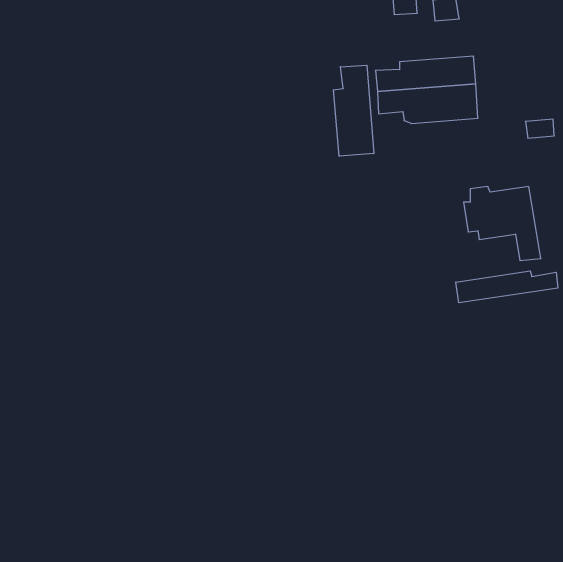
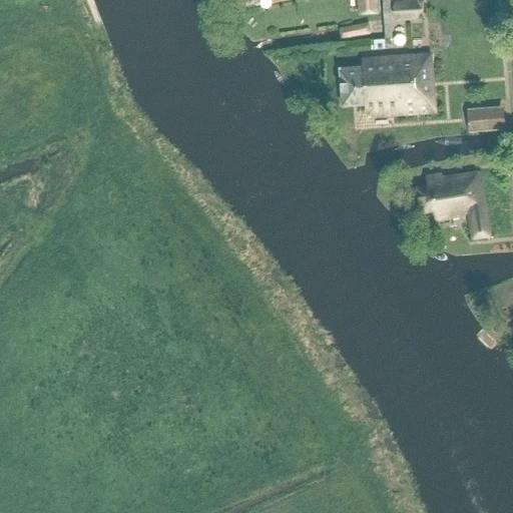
building: [334,65,374,156] -> none
building: [456,271,558,303] -> none

